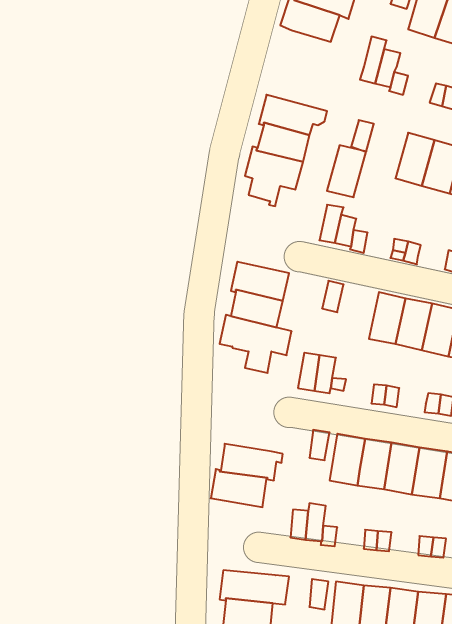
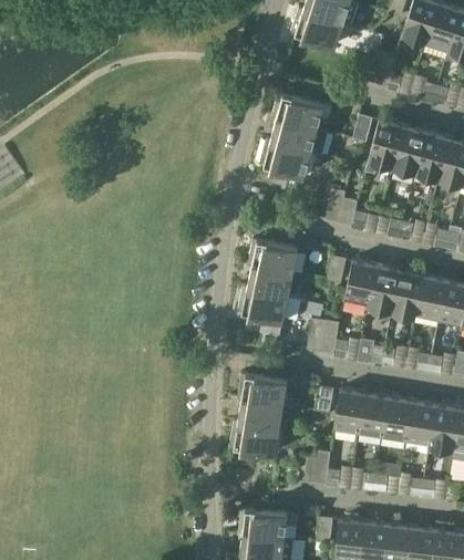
building: [327,145,366,197] -> [370,122,404,167]
building: none -> [346,261,379,308]
building: none -> [239,375,289,406]

